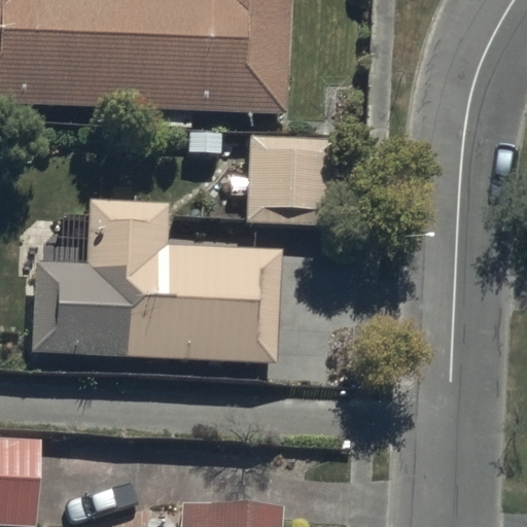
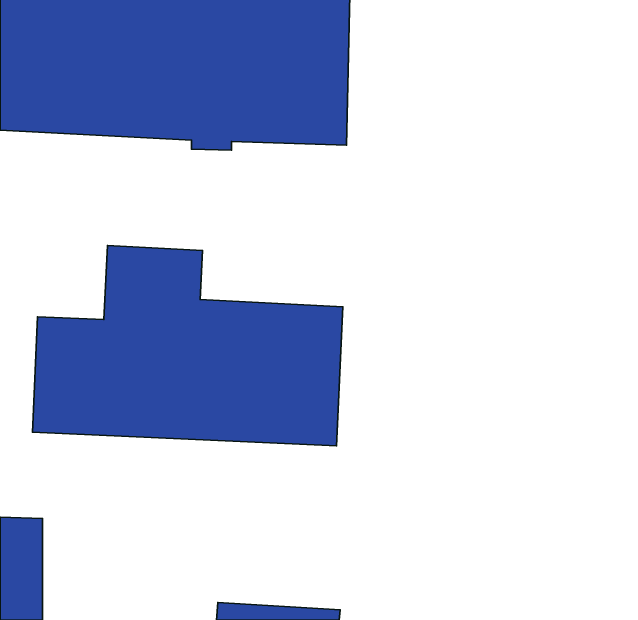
building: [247,134,332,227] -> none

